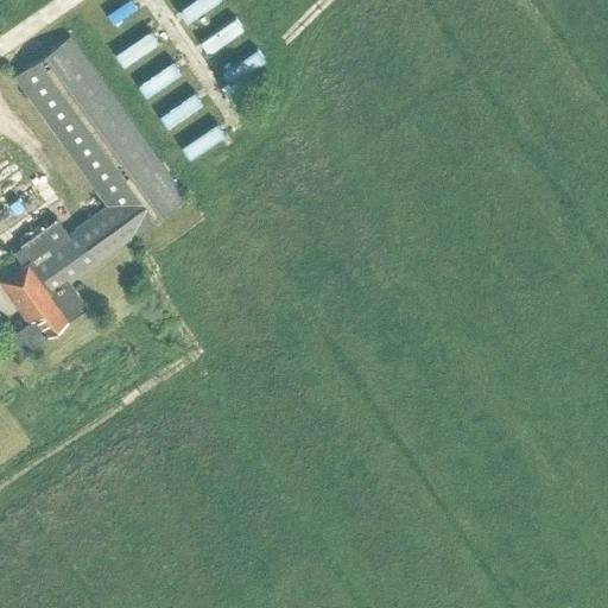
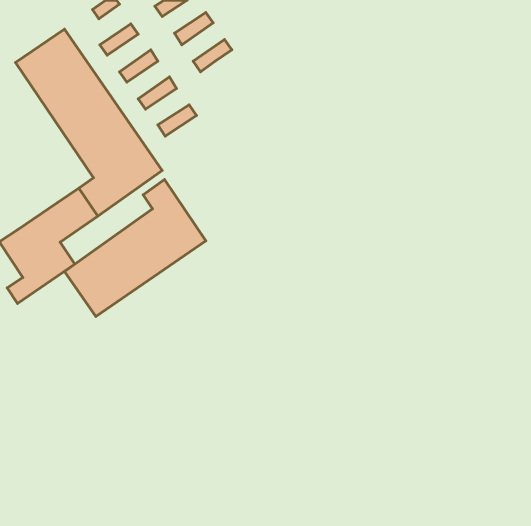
building: none -> [64,180,206,317]
building: [11,220,65,268] -> none

